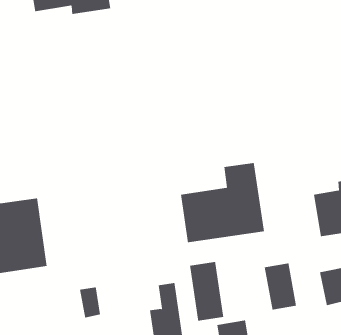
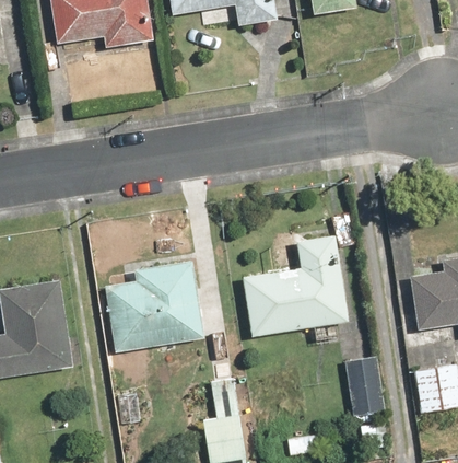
building: none -> [103,258,204,352]
building: [189,261,224,322] -> none

